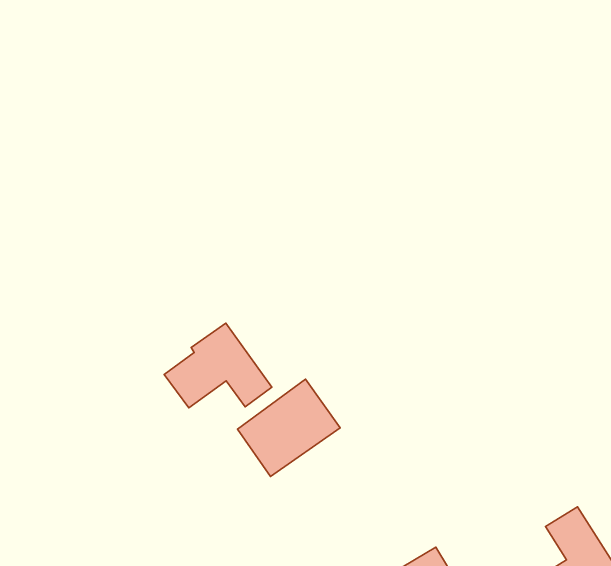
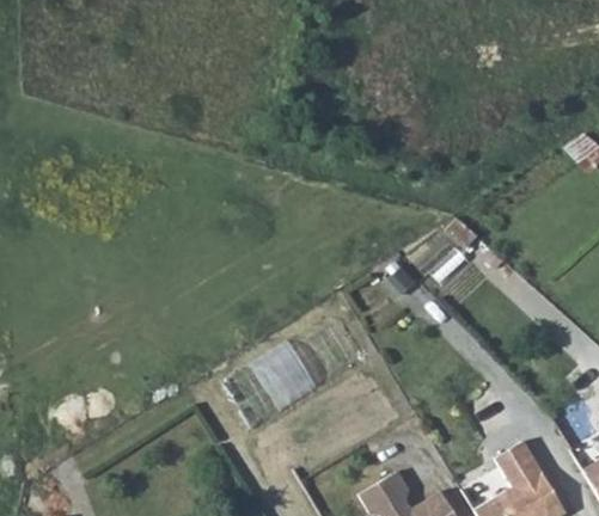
building: [164,323,272,408] -> none

